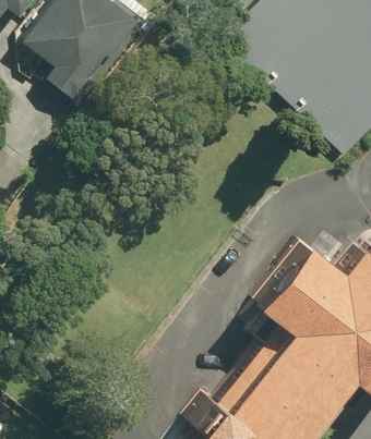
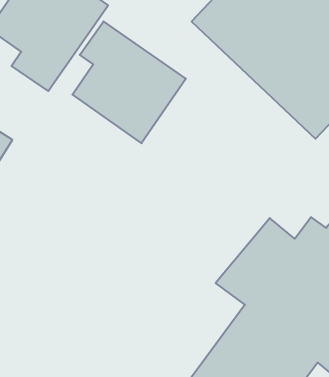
building: none -> [72,21,186,143]

